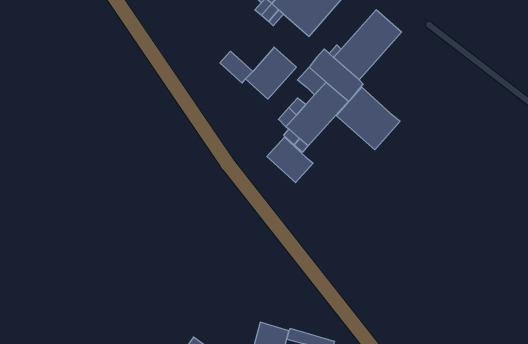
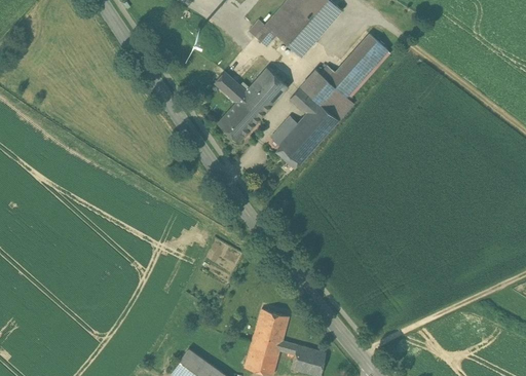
building: none -> [218,99,261,143]
building: [337,87,400,150] -> none
building: [267,137,313,183] -> none
building: none -> [254,308,289,342]

